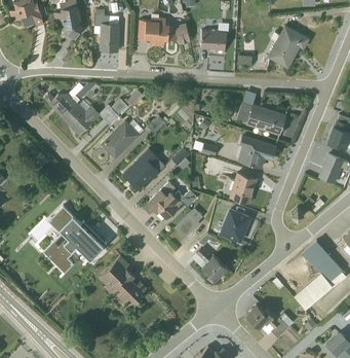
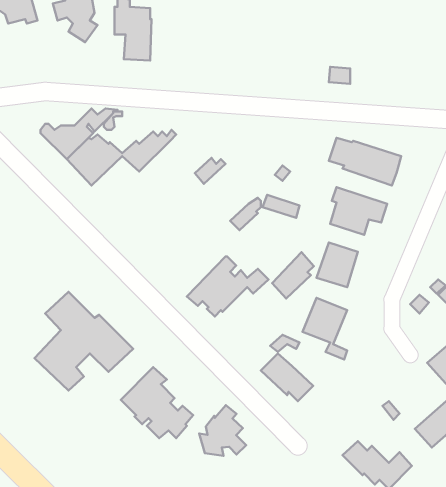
building: [139,15,190,46] -> none
building: [201,23,229,53] -> none
building: [268,26,308,68] -> none
building: [103,120,144,158] -> none
building: [123,149,165,190] -> none
building: [174,208,202,239] -> [272,252,314,298]
building: none -> [199,405,246,456]

